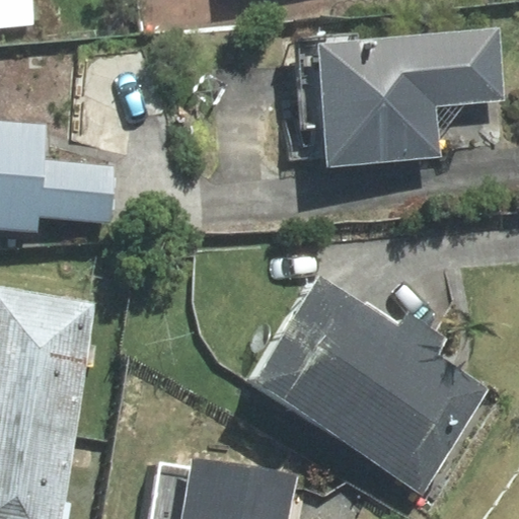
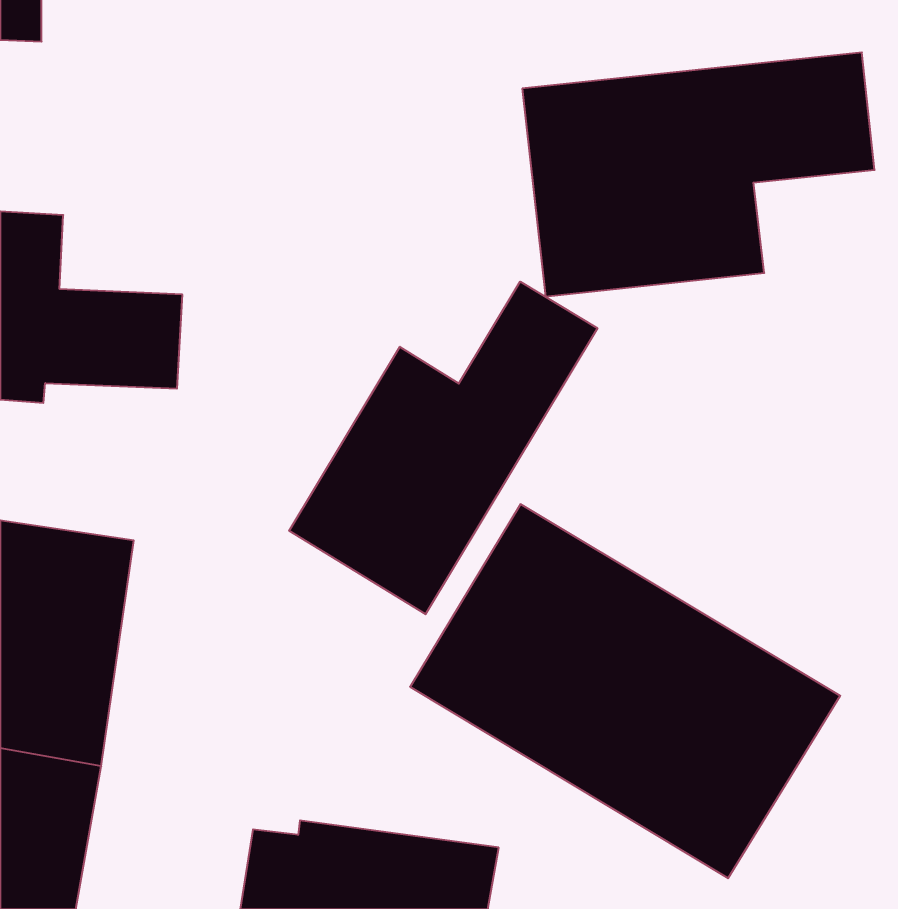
building: none -> [289,282,597,614]

